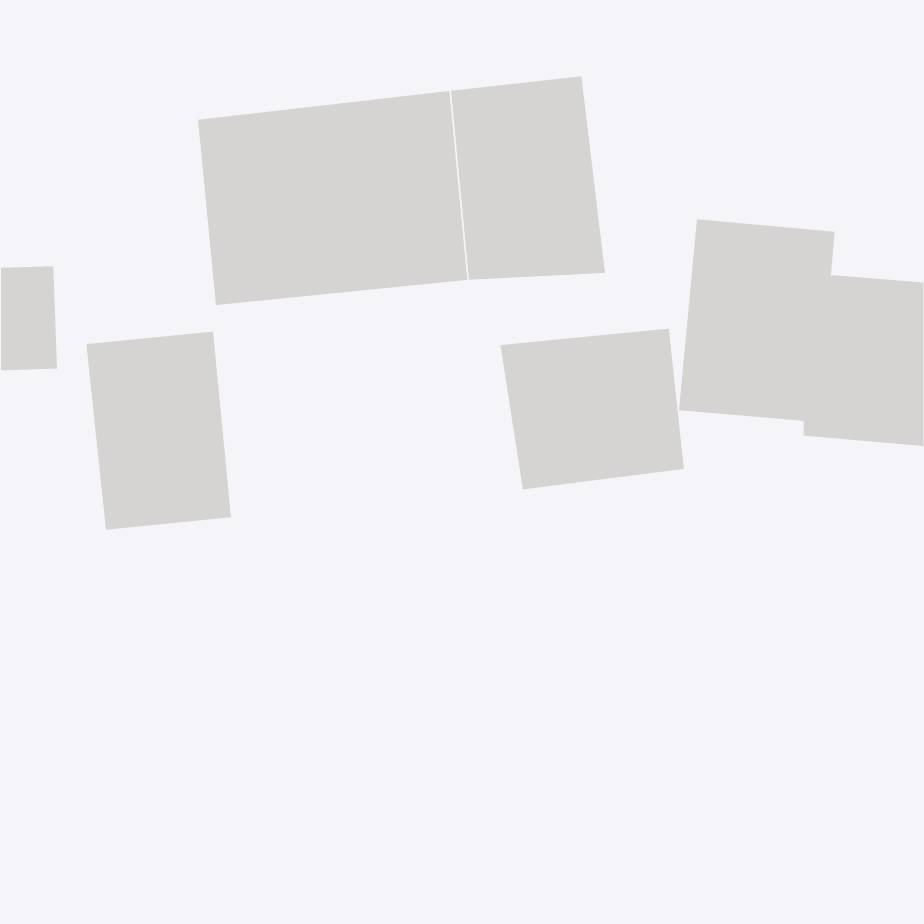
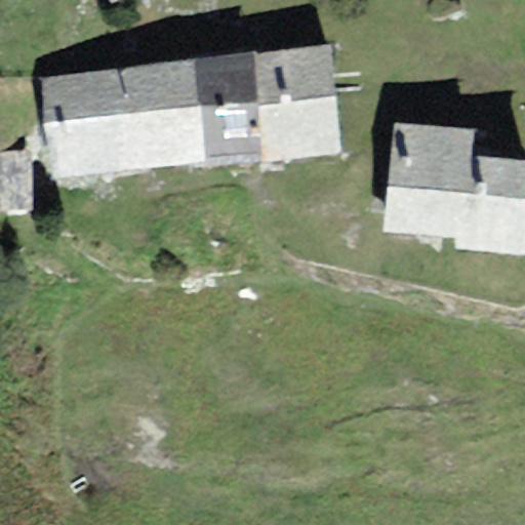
building: [500,328,685,490] -> none
building: [85,331,232,530] -> [39,68,122,180]

